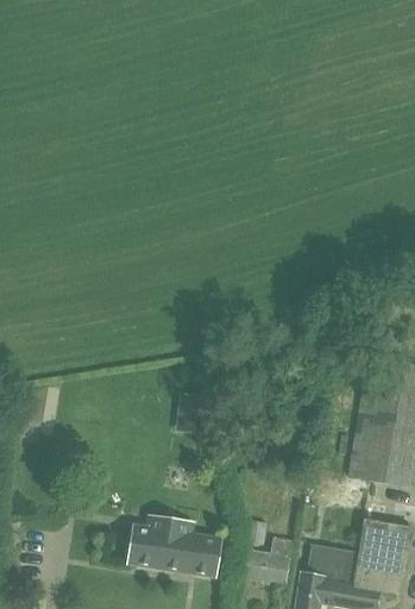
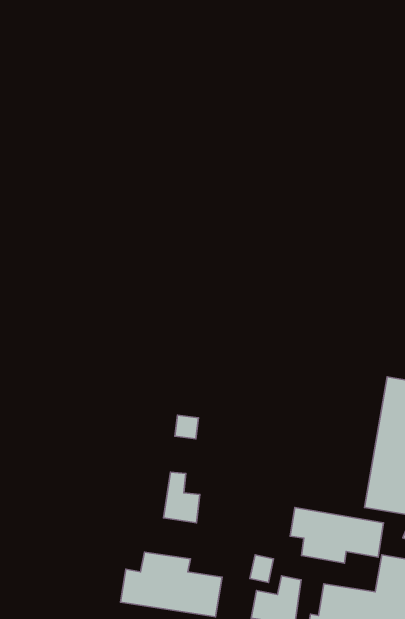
building: none -> [163,472,200,523]
building: none -> [290,508,383,563]

